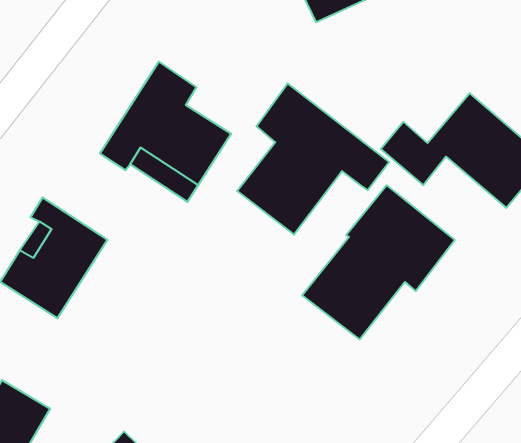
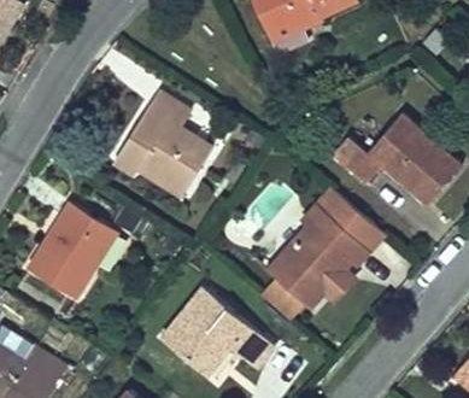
building: [237,83,389,235] -> none
building: none -> [159,283,275,370]

